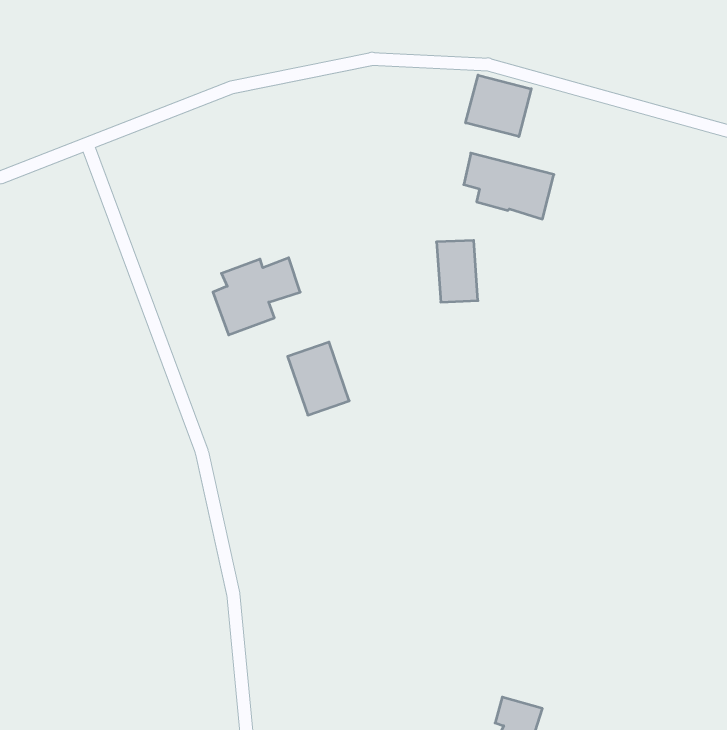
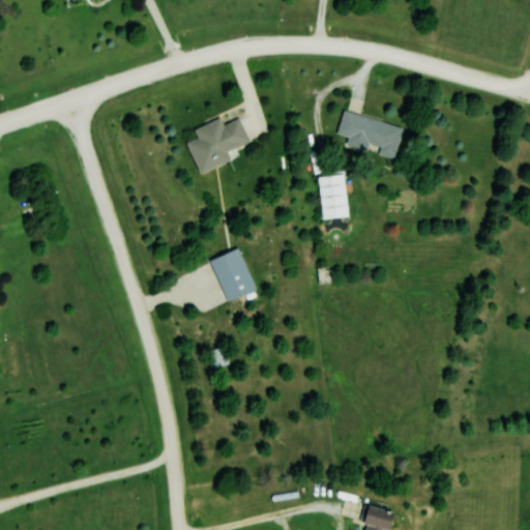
building: [466,75,531,137] -> none
building: [213,258,300,335] -> [187,118,251,174]

